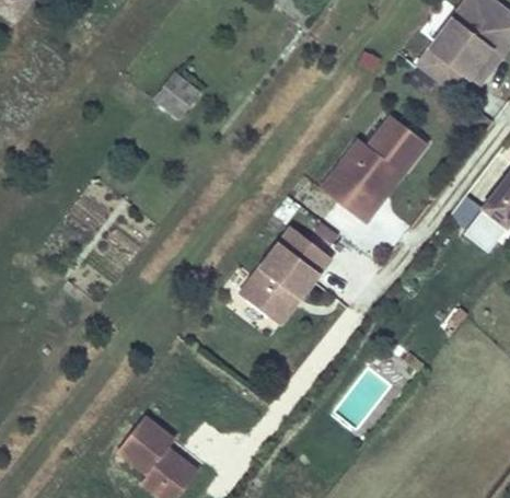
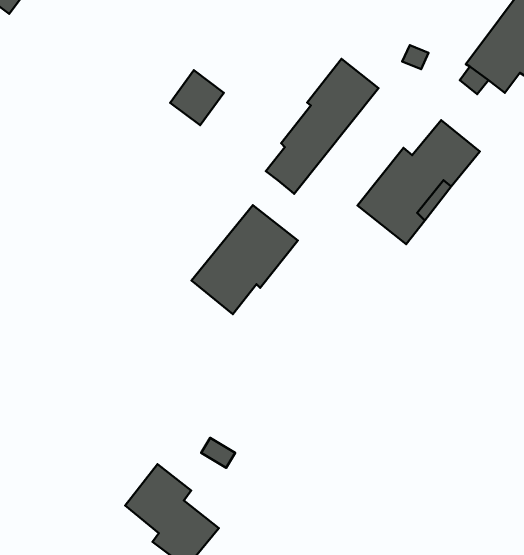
building: none -> [266,59,378,194]
building: [240,224,333,320] -> [192,205,298,314]

